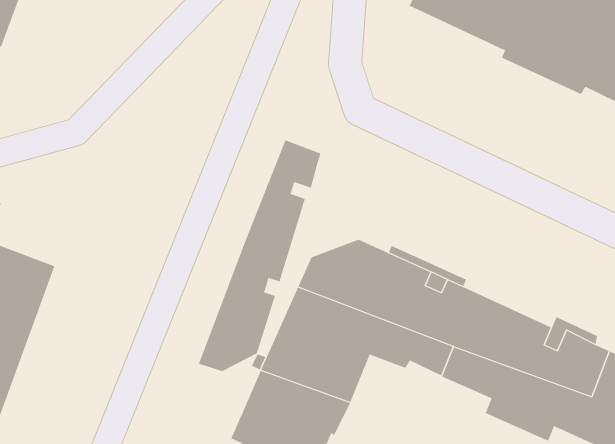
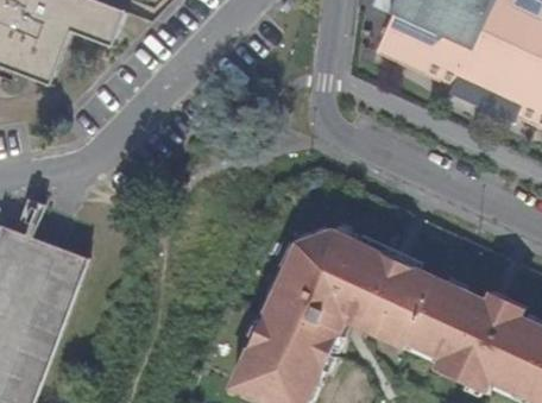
building: [198,140,321,372] -> none

